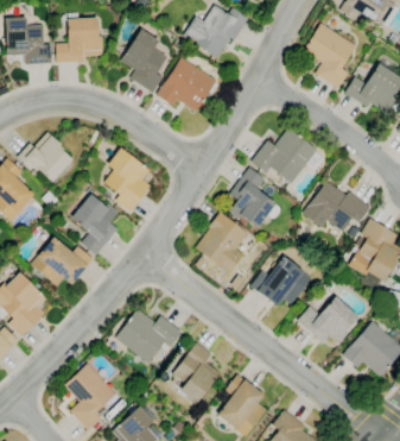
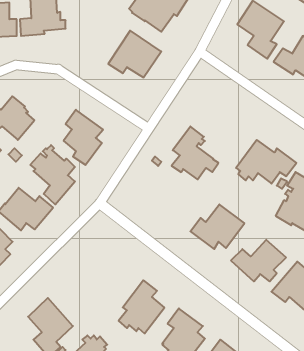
building: [121,29,167,93] -> none
building: [252,127,325,183] -> none
building: [196,212,249,273] -> none
building: [116,309,182,364] -> none

